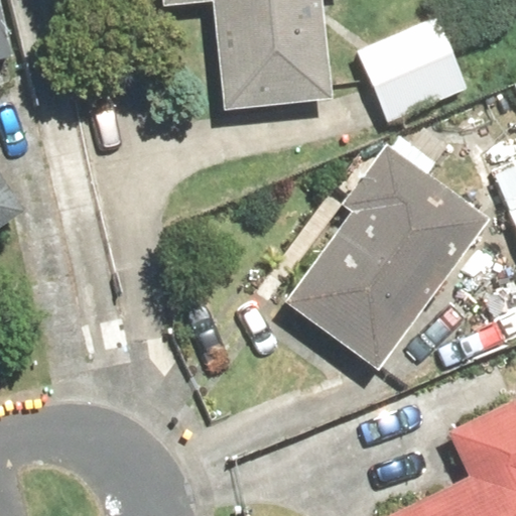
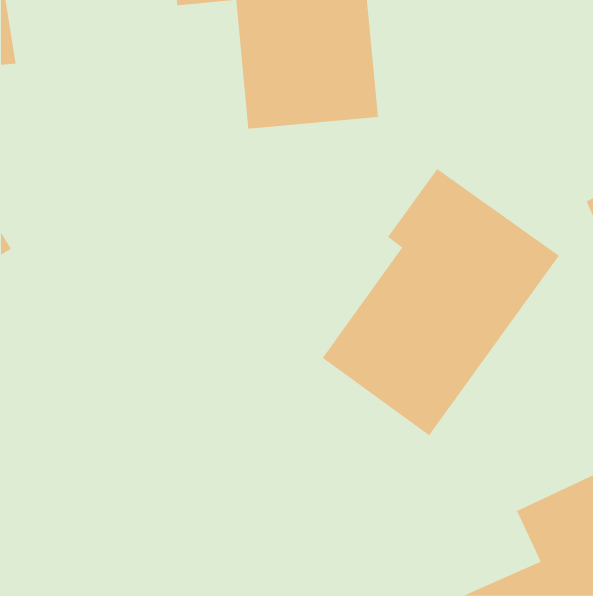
building: [373,11,484,120] -> none

